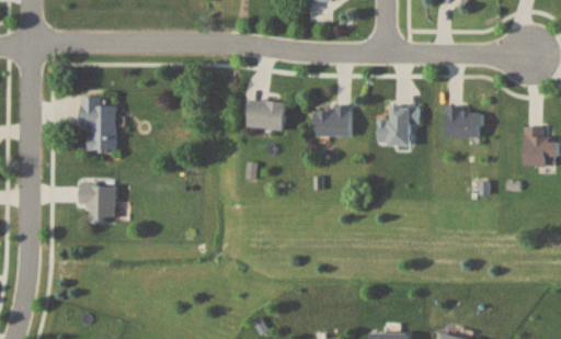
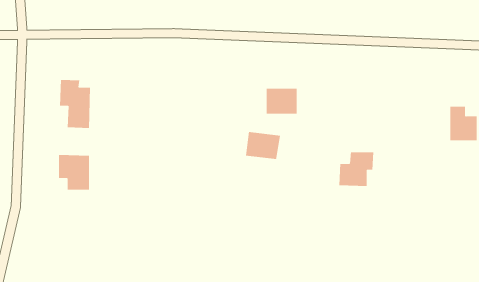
building: [247,98,287,129] -> [245,132,281,160]
building: [377,105,417,145] -> [339,152,374,187]
building: [444,108,480,137] -> none

